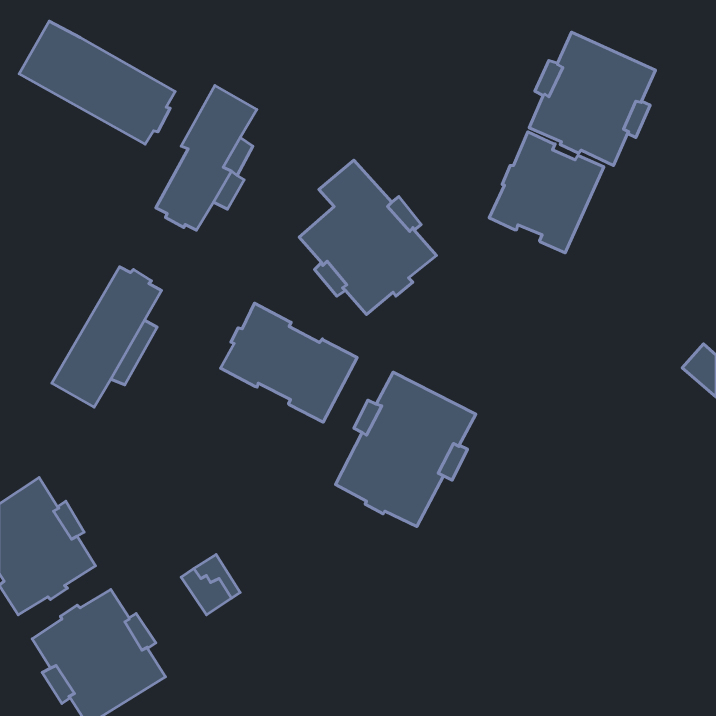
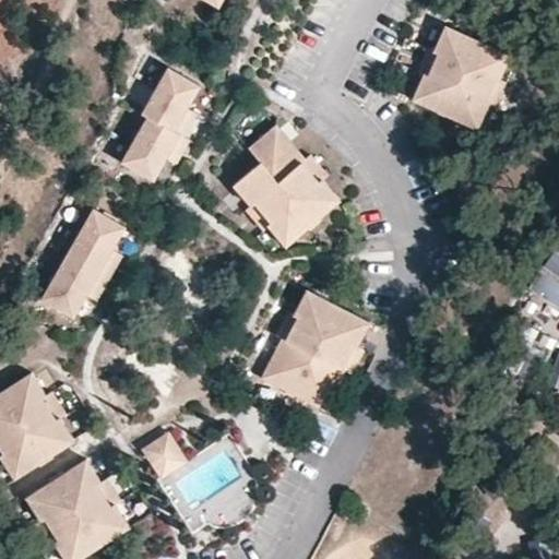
building: [19,21,175,144] -> none
building: [489,132,604,253] -> none
building: [221,303,357,422] -> none

